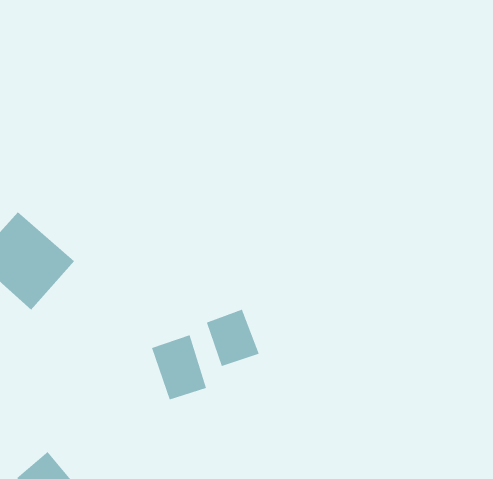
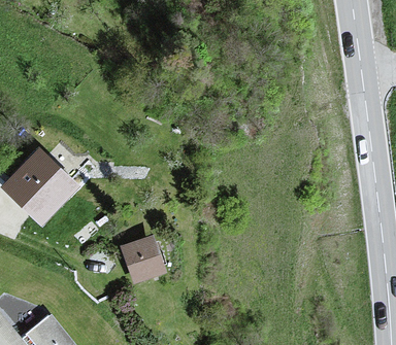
building: [206,309,260,367] -> none

